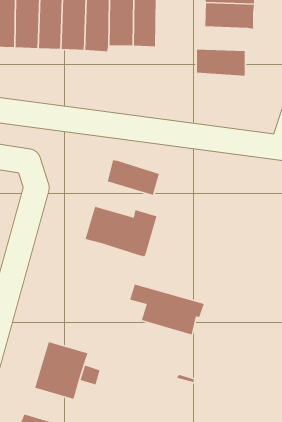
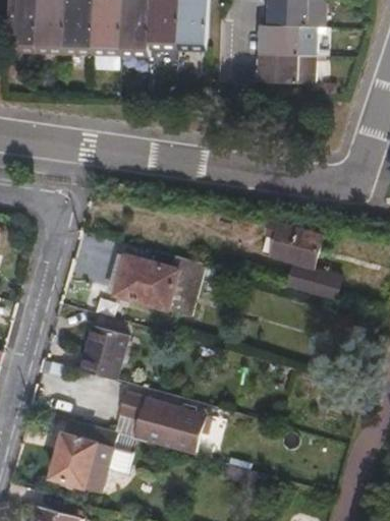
building: none -> [248,37,311,65]
building: [107,159,160,196] -> none
building: none -> [264,219,340,302]
building: none -> [83,322,130,378]
building: [129,283,205,335] -> [120,391,212,454]

